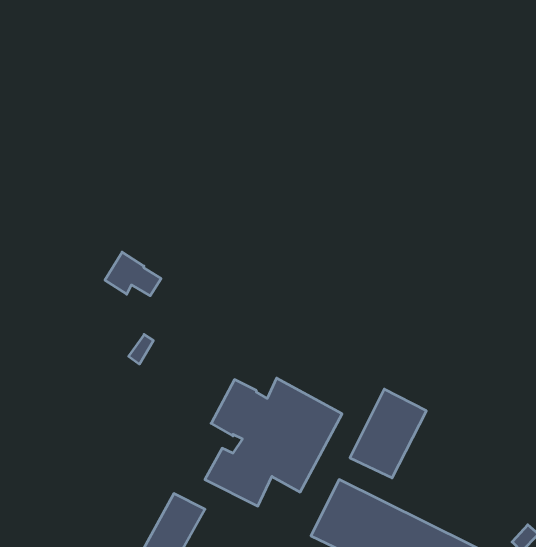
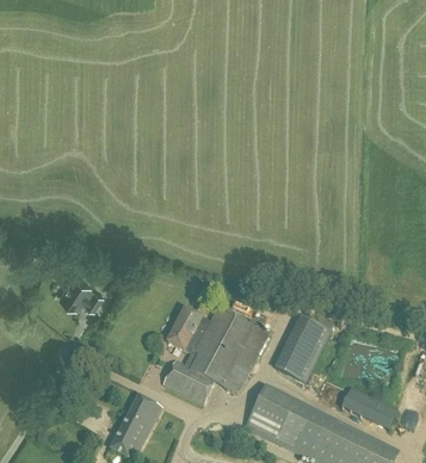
building: [105,252,161,296] -> [58,274,101,308]
building: none -> [339,389,397,424]

